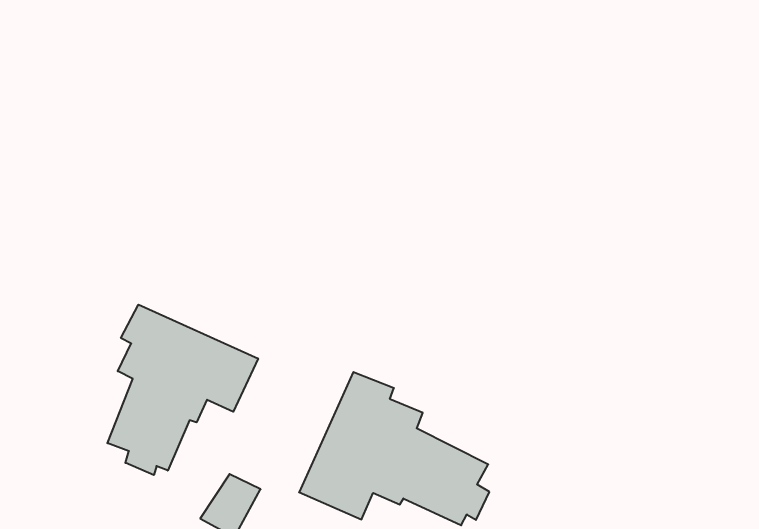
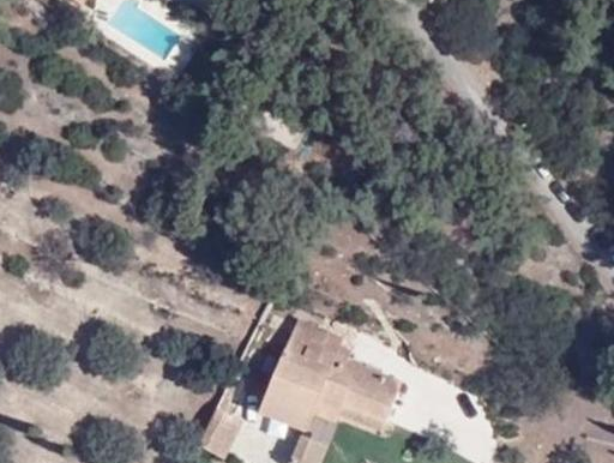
building: [107,305,258,475] -> none

